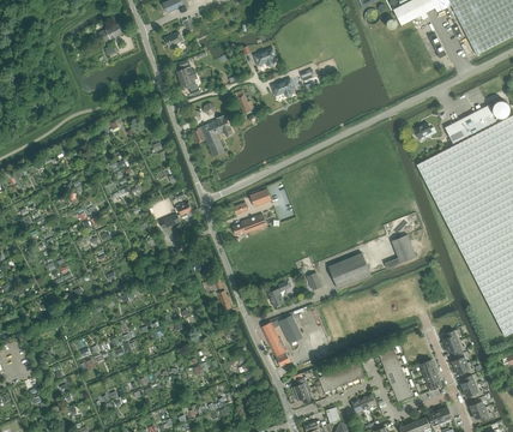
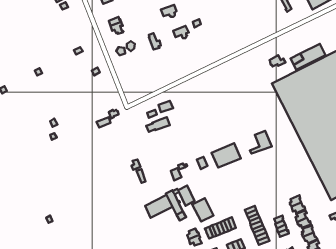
building: [192,115,234,156] -> none
building: none -> [145,195,173,218]
building: none -> [192,198,213,221]

